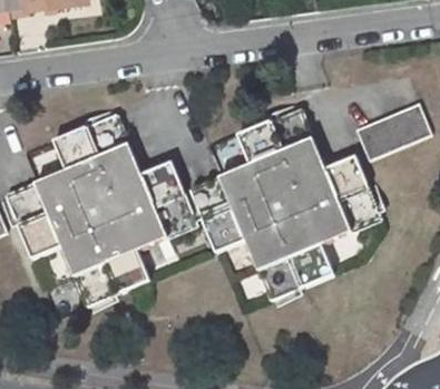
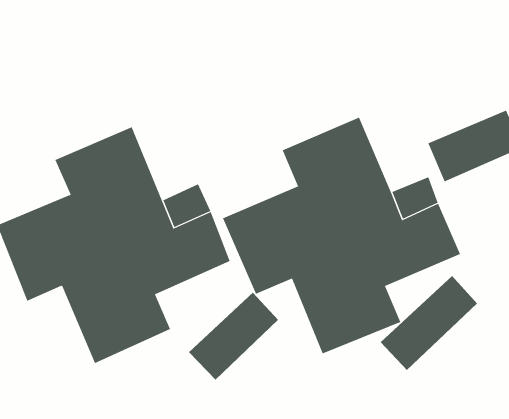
building: none -> [380,275,478,371]
building: none -> [188,292,279,381]

